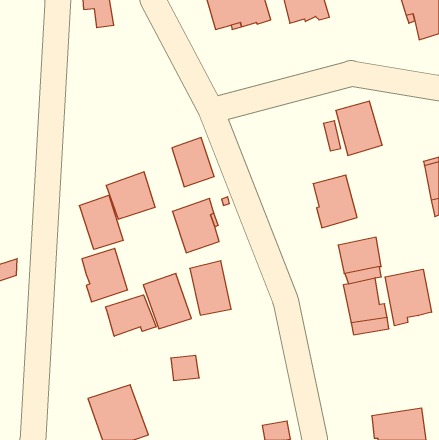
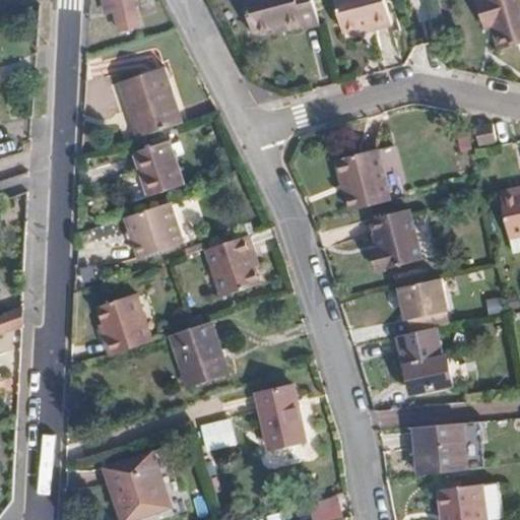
building: none -> [117,66,180,137]
building: [336,101,382,155] -> [334,146,389,210]
building: [172,138,214,187] -> [137,136,187,194]
building: [79,195,123,249] -> none
building: [190,261,231,315] -> [256,385,305,449]
building: [385,269,432,326] -> none
building: [105,295,156,336] -> none
building: none -> [413,427,470,477]

